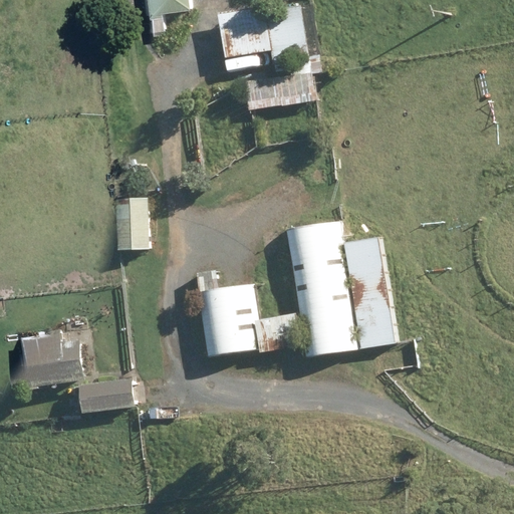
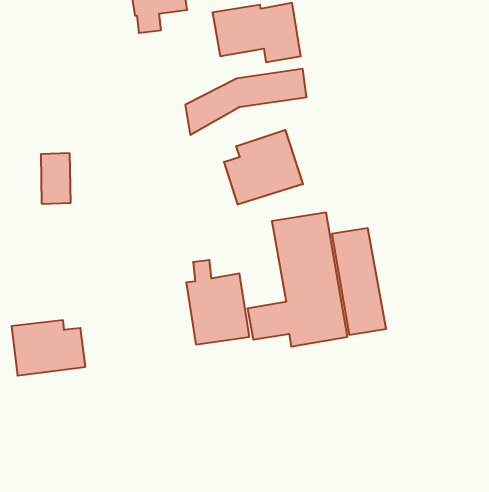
building: none -> [224,130,303,205]
building: [119,197,151,249] -> [41,153,71,204]
building: [82,379,136,412] -> none

